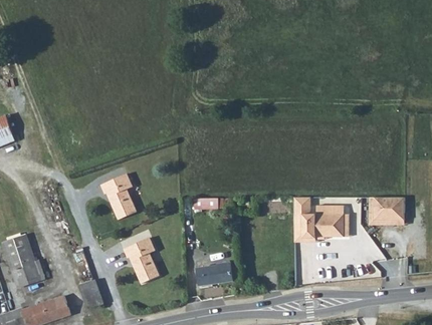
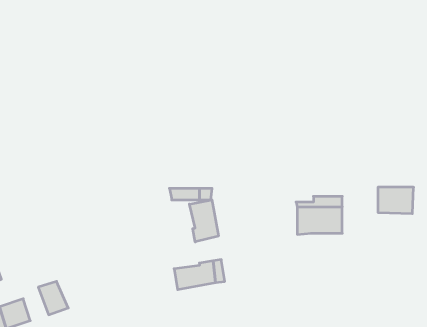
building: [100,174,136,220] -> none
building: none -> [189,200,218,242]
building: [124,238,160,284] -> none

